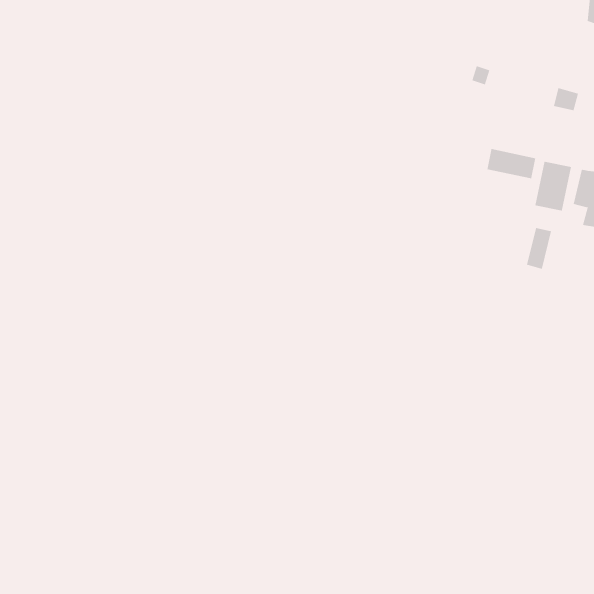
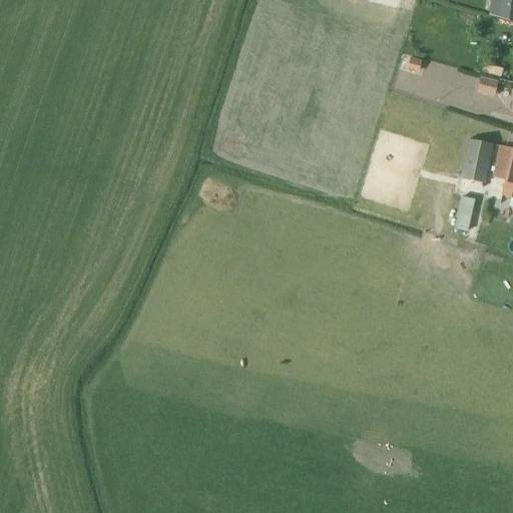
building: [487,148,536,179] -> none

